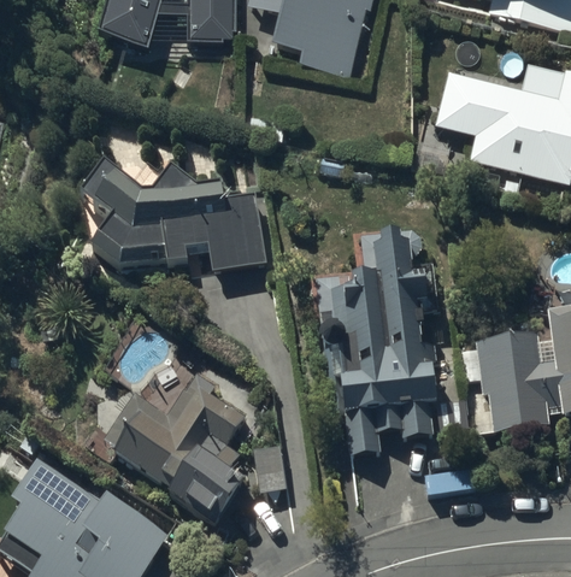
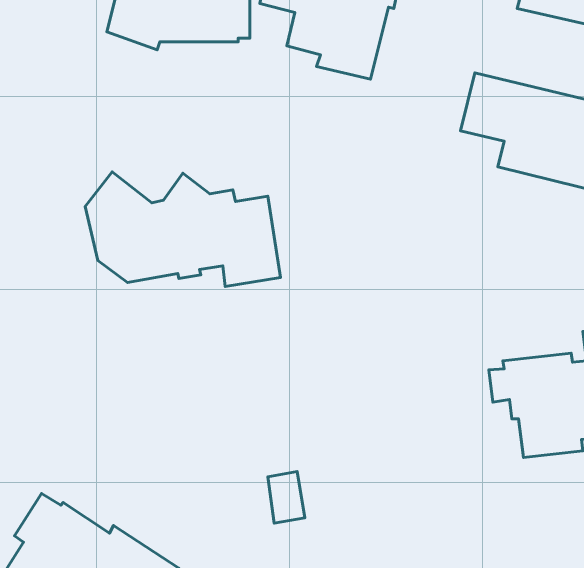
building: [316,230,437,455] -> none
building: [106,372,246,524] -> none

